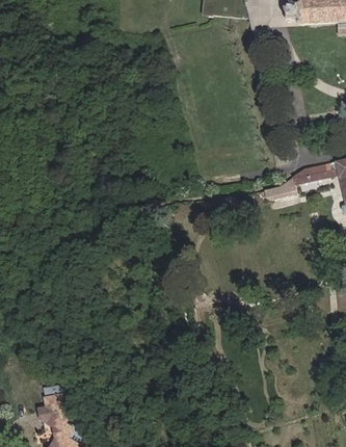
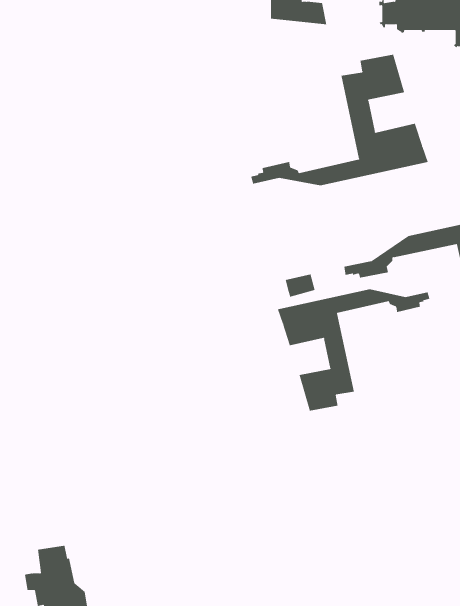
building: none -> [251,54,429,186]
building: none -> [277,289,430,412]

